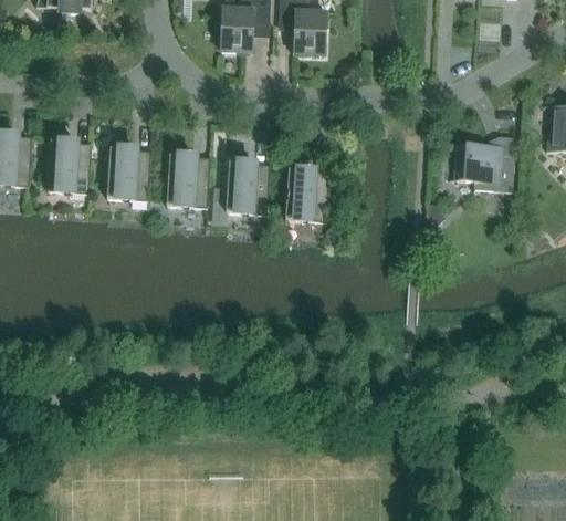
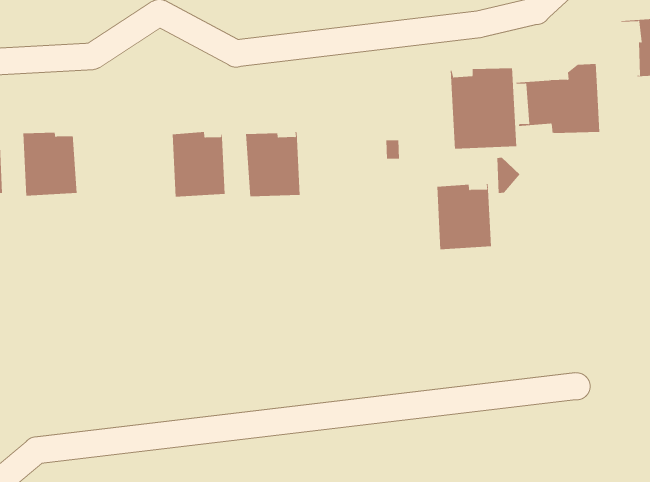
building: none -> [450,67,517,149]
building: [107,146,151,199] -> none
building: [285,167,331,220] -> [436,183,492,250]

